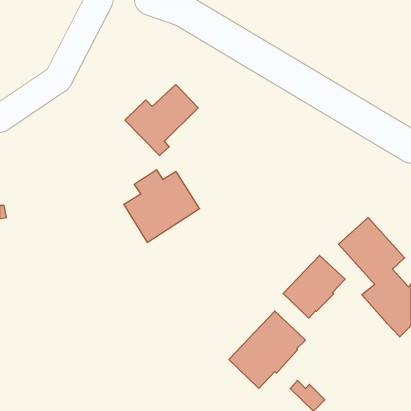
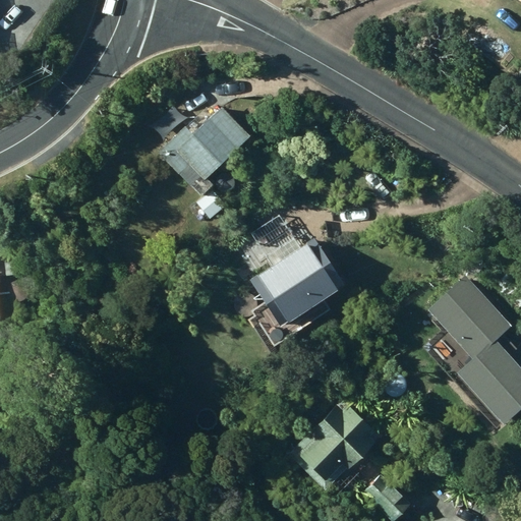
building: [124,170,200,242] -> [251,237,347,329]
building: [283,255,345,318] -> none

